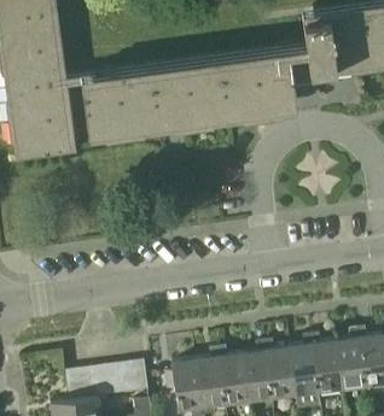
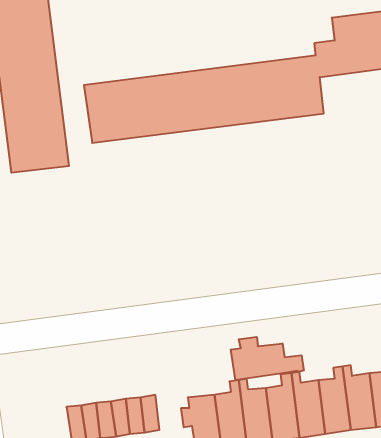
building: none -> [231,337,304,380]

